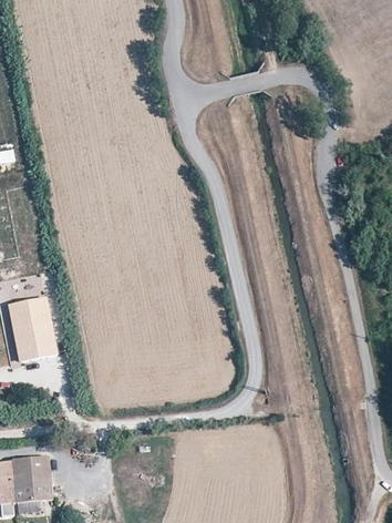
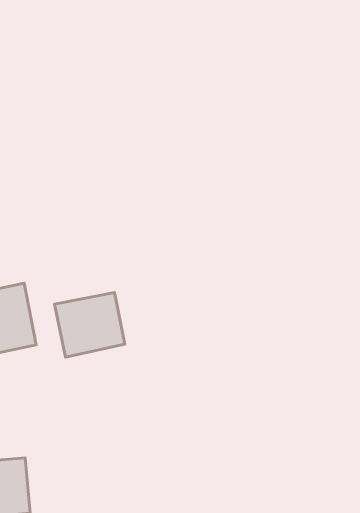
building: none -> [54,292,125,357]

